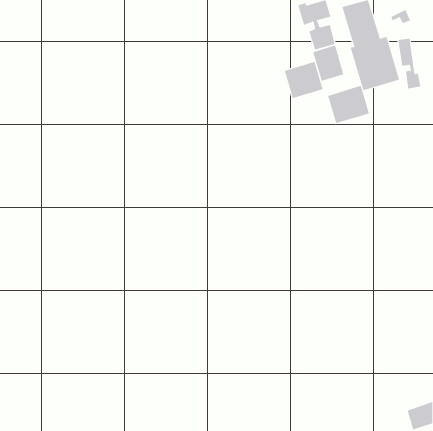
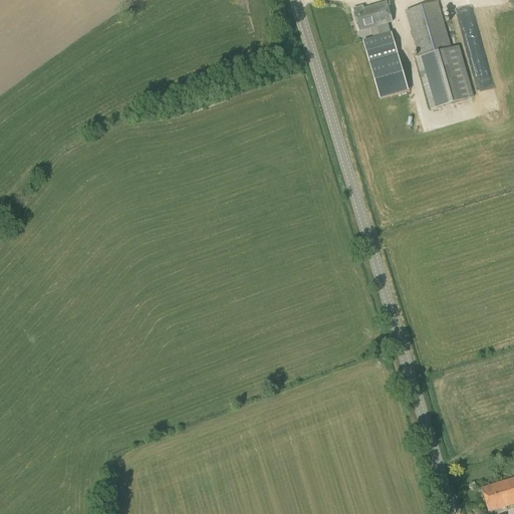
building: [284,61,323,99] -> none
building: [327,85,369,124] -> none

